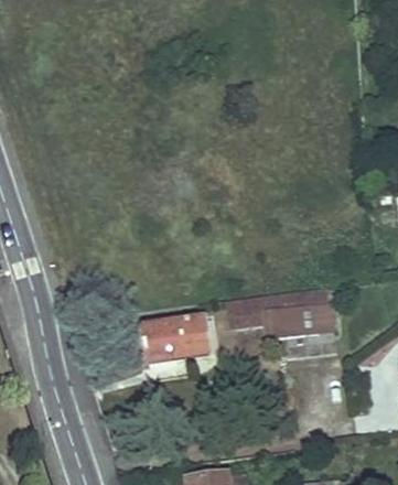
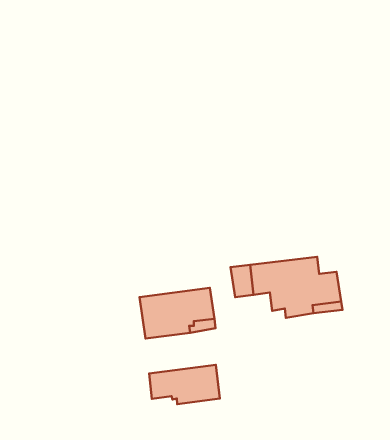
building: none -> [149,365,220,404]

